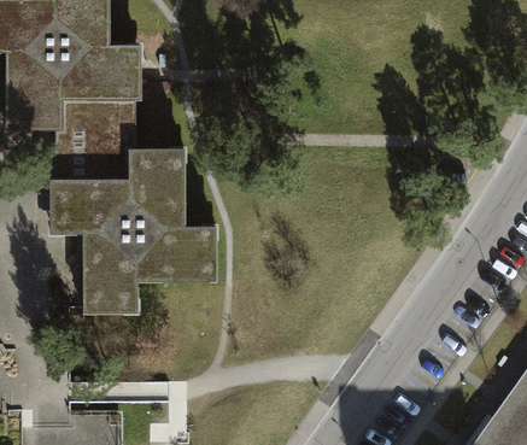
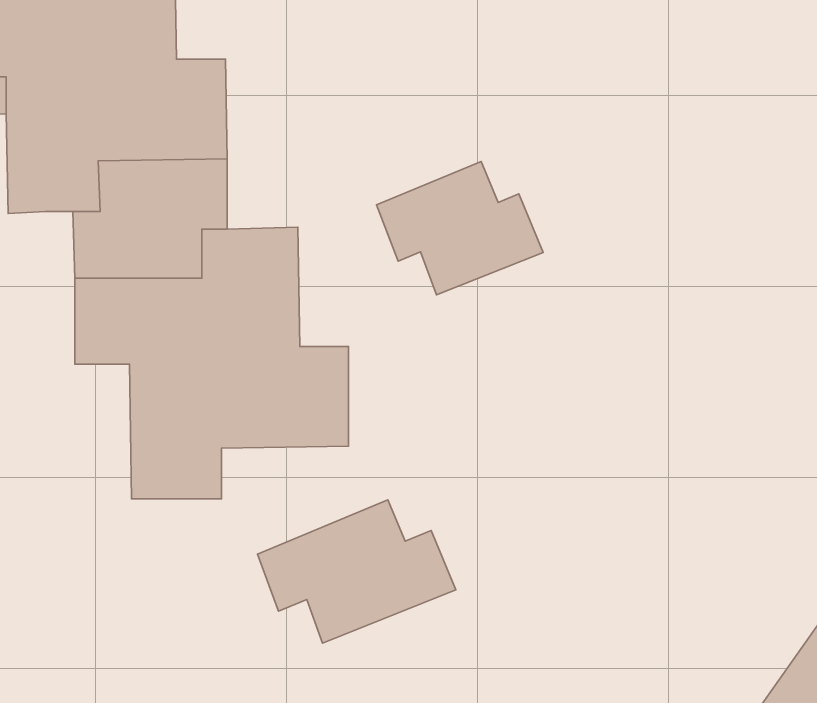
building: none -> [377,162,543,295]
building: none -> [257,500,456,643]

